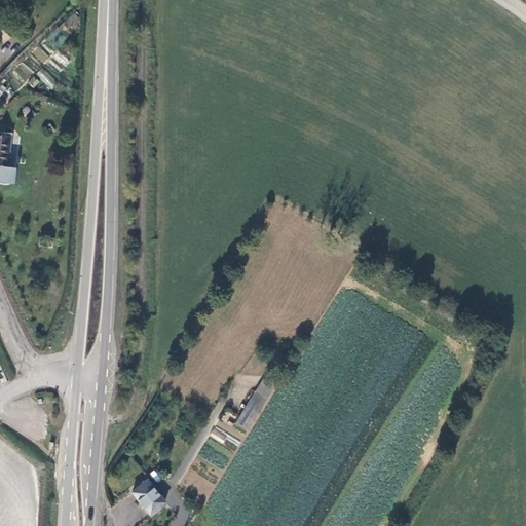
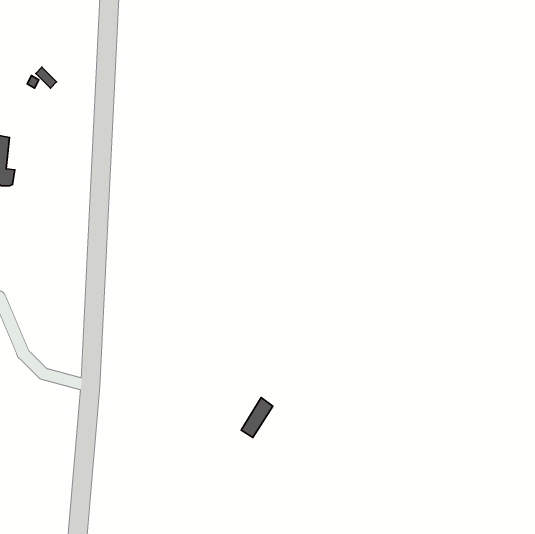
building: [132,478,164,512] -> none

